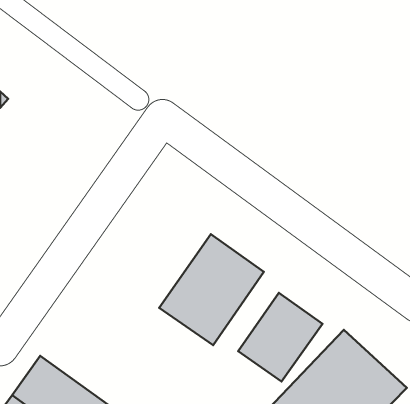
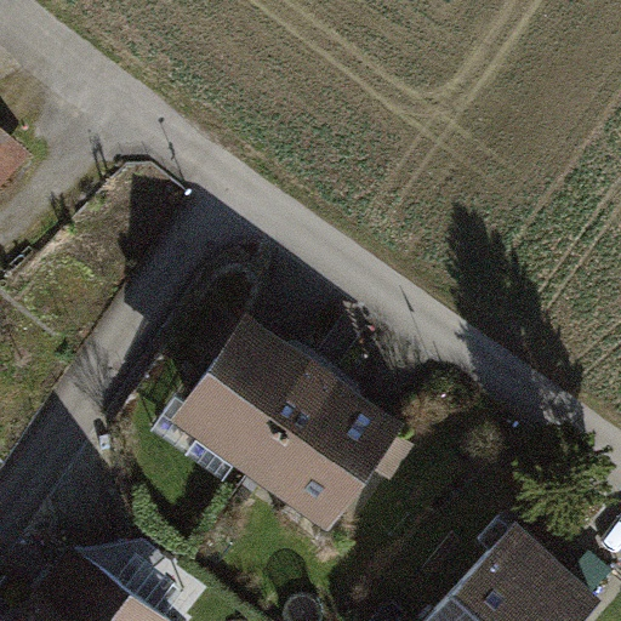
building: none -> [171,315,324,477]
building: [238,293,323,381] -> none

